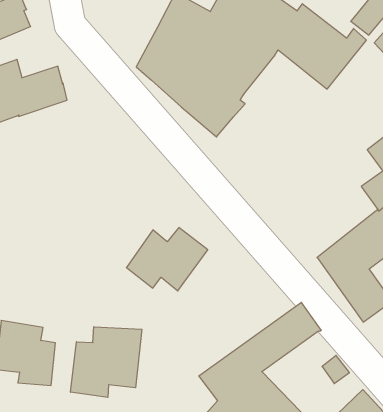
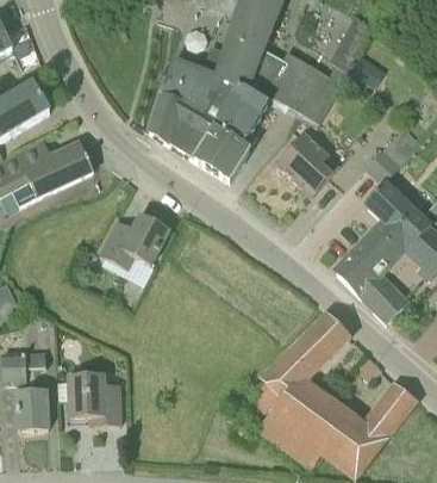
building: none -> [275,131,338,194]
building: [126,228,208,291] -> [99,212,168,270]
building: [71,327,142,397] -> none

